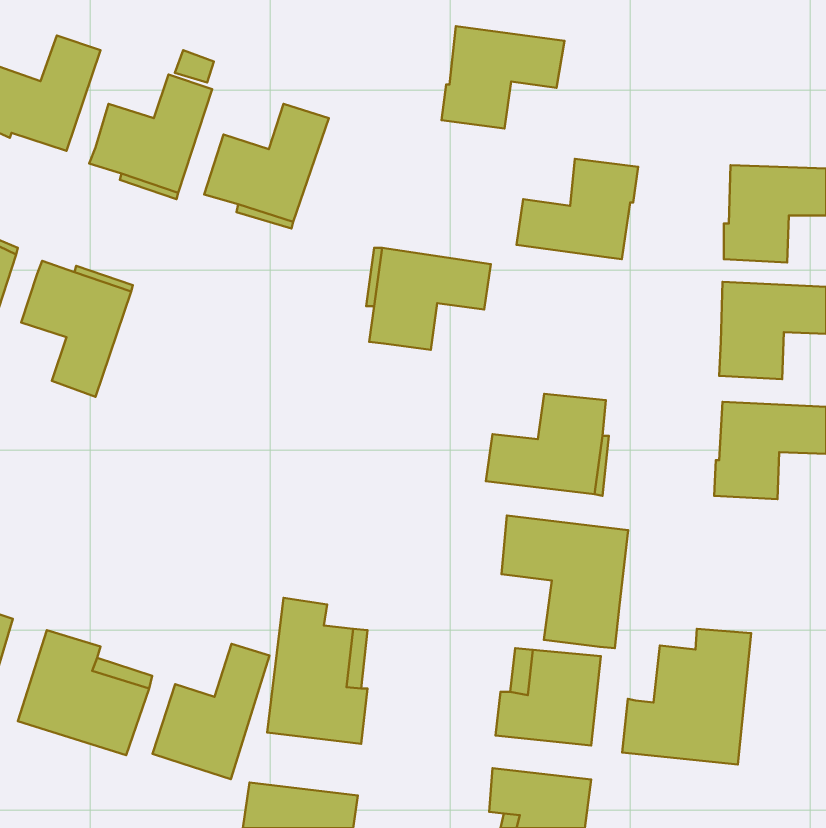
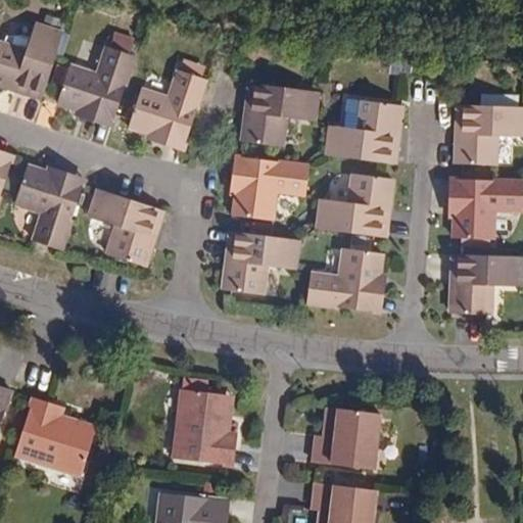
building: [441,26,564,128] -> [242,83,320,147]
building: none -> [316,174,393,237]
building: none -> [87,188,160,266]
building: none -> [223,231,299,294]
building: [501,516,628,648] -> none
building: [622,629,751,764] -> none
building: [152,644,270,779] -> none

